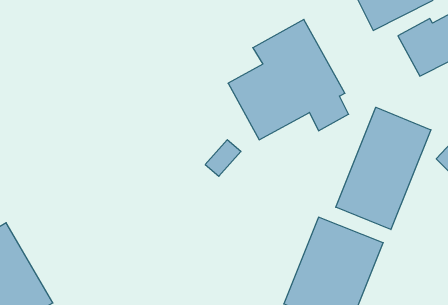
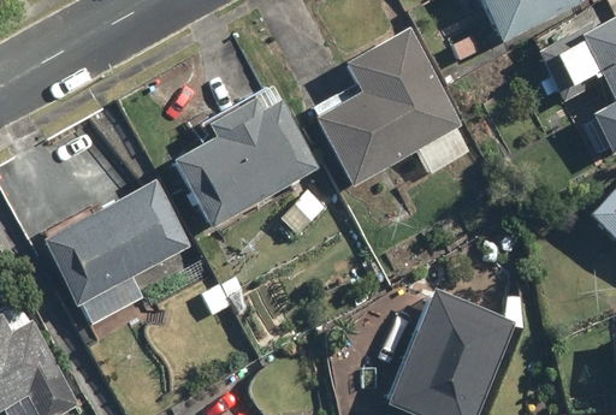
building: none -> [171,97,309,227]
building: [336,107,431,230] -> none
building: none -> [38,177,190,324]

